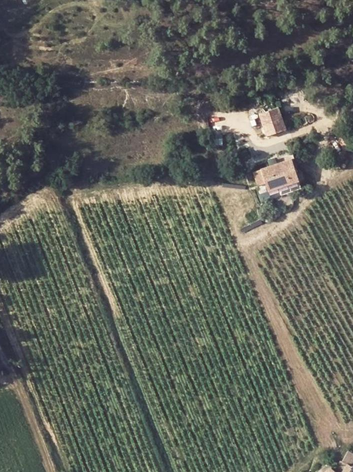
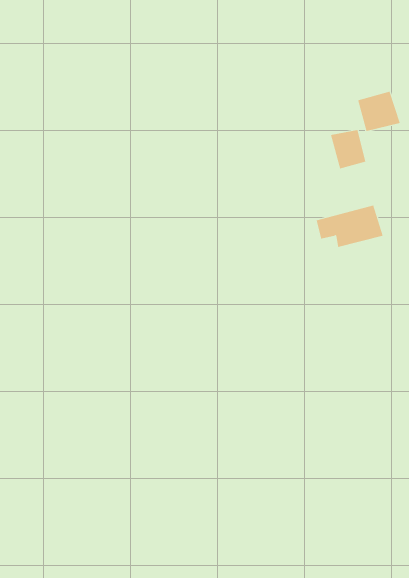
building: none -> [358,91,400,132]

